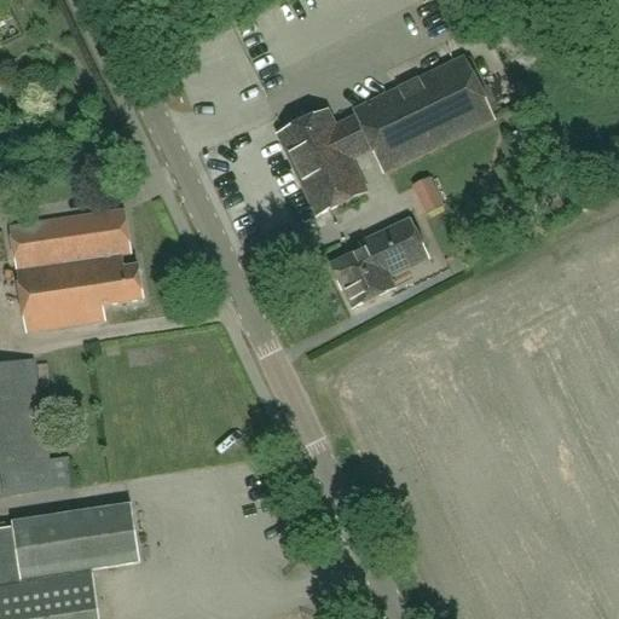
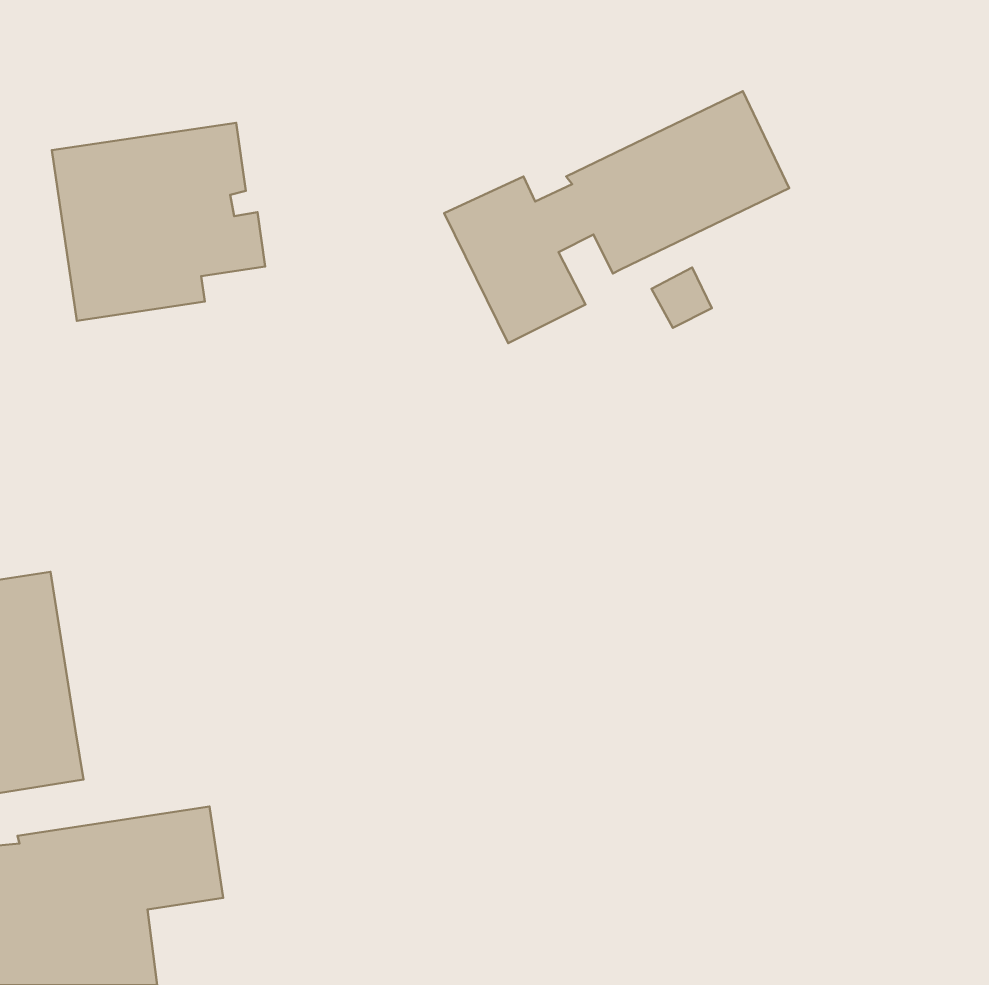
building: [8,208,141,331] -> [52,123,265,321]
building: [330,219,427,306] -> none

